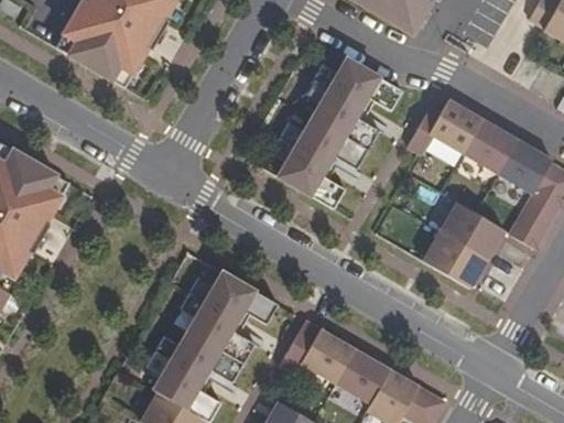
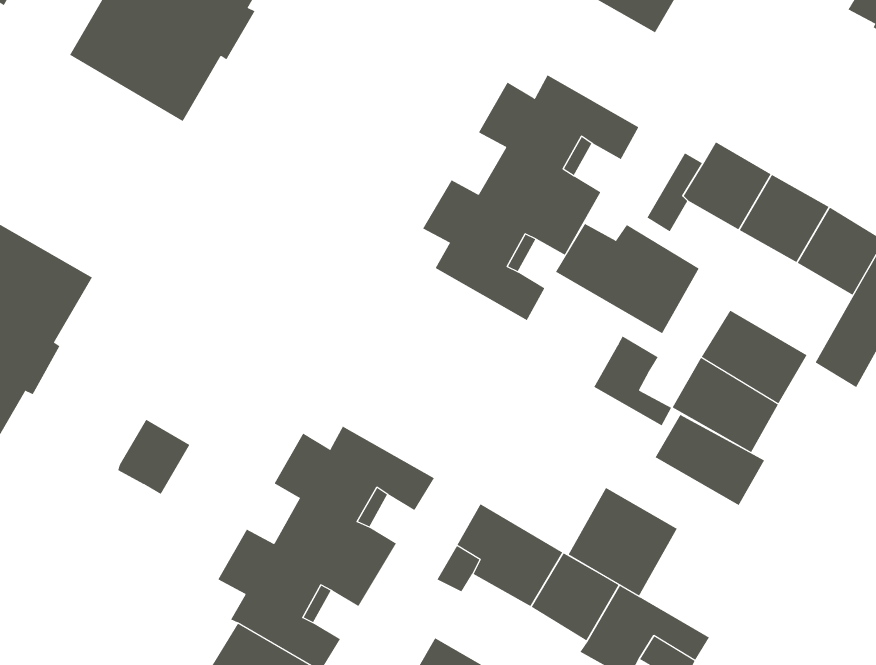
building: none -> [555,223,700,334]
building: none -> [594,335,672,426]
building: none -> [655,414,765,506]
building: none -> [118,419,190,495]
building: none -> [568,487,677,597]

